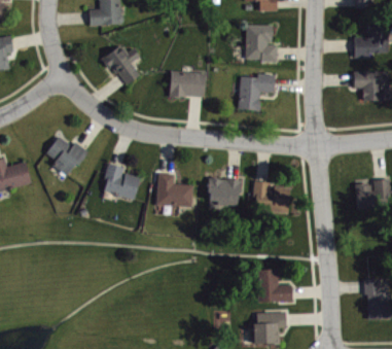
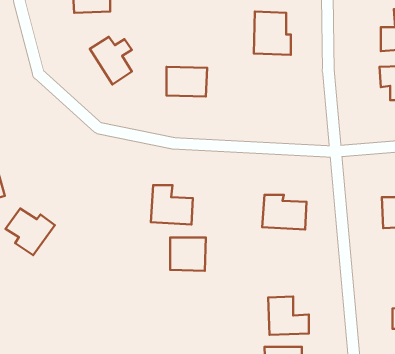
building: [238,73,275,110] -> none
building: [45,136,87,176] -> [6,209,55,255]
building: [102,163,140,199] -> none
building: [209,179,240,208] -> [170,237,206,271]

